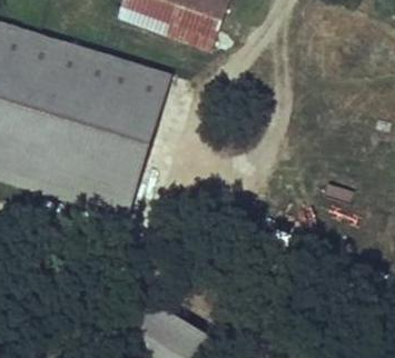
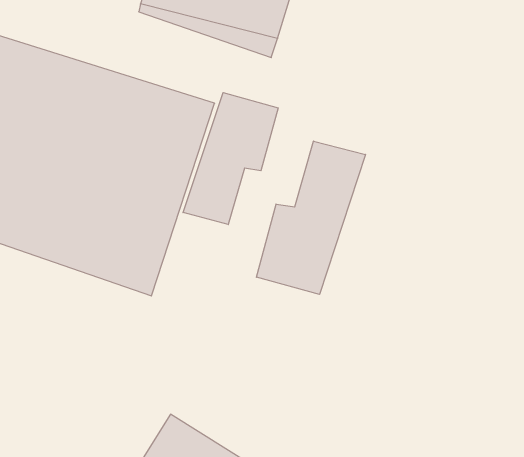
building: none -> [183,93,278,225]
building: none -> [256,141,365,294]

